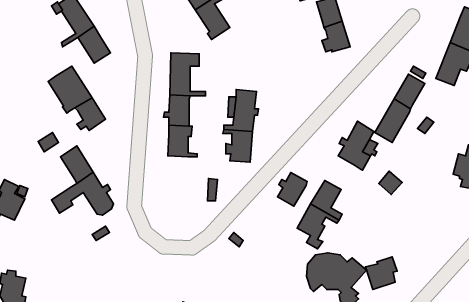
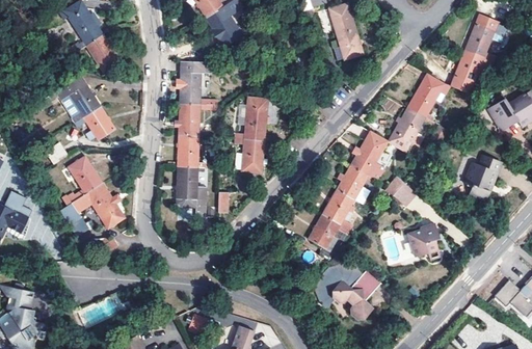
building: none -> [176,166,205,213]
building: [278,172,307,206] -> [337,166,367,200]
building: [366,257,397,289] -> [407,222,440,256]

